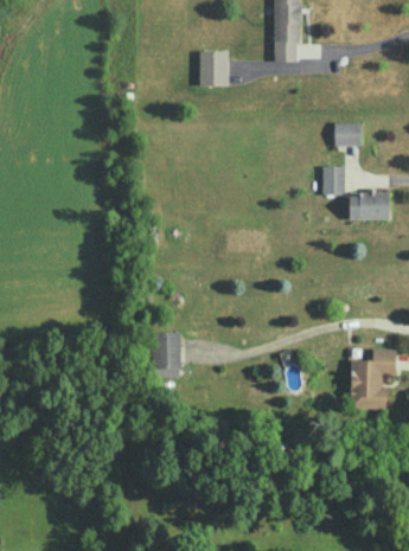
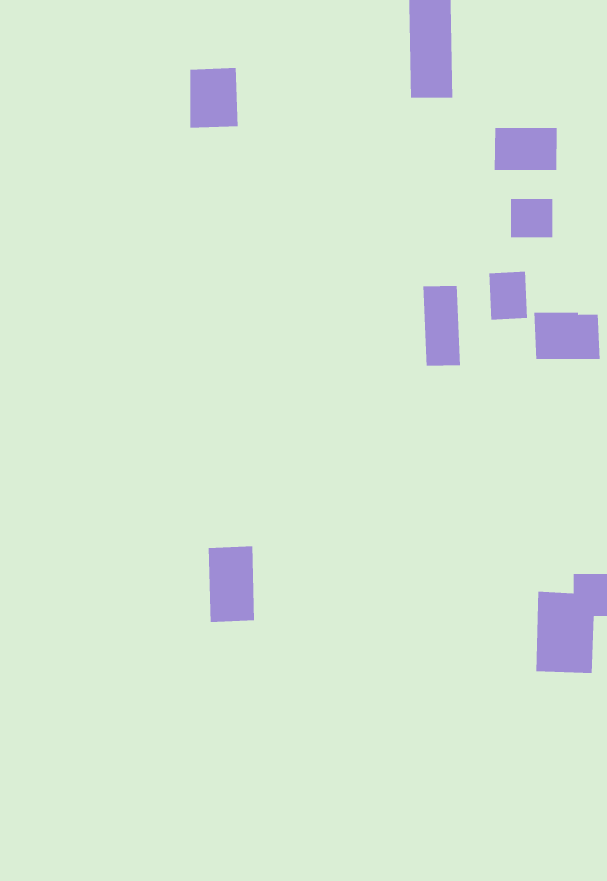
building: [200,50,230,87] -> [189,67,238,128]
building: none -> [494,127,557,171]
building: none -> [423,285,461,366]

